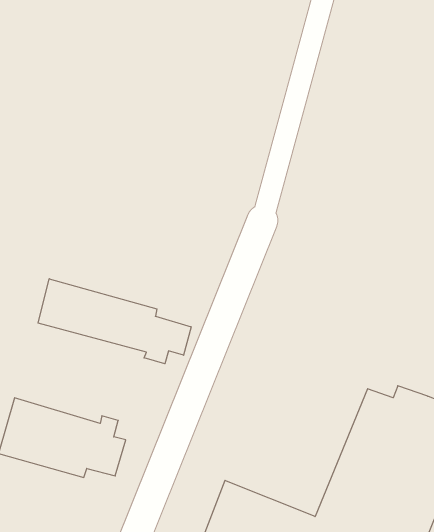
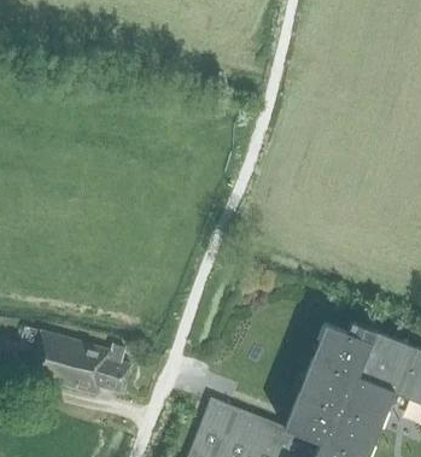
building: [38,279,191,364] -> none

